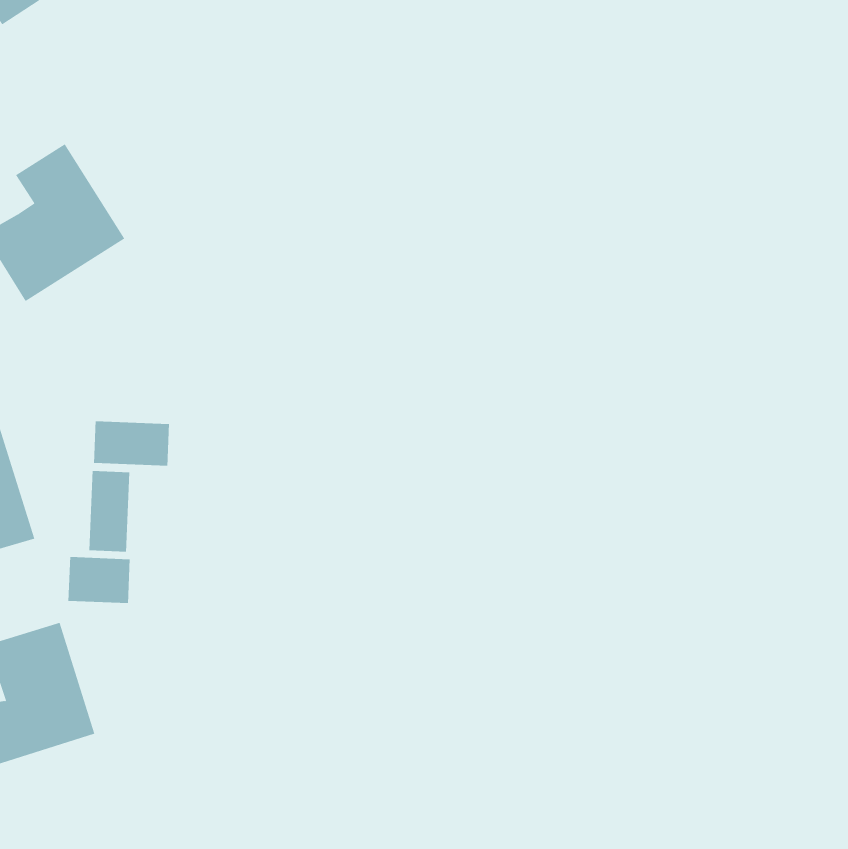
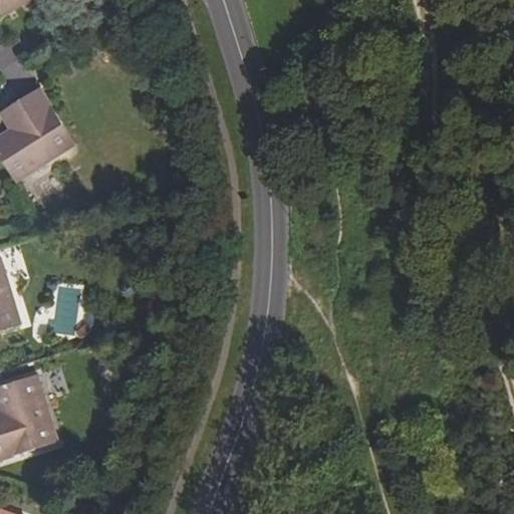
building: [93,420,169,466] -> none
building: [68,556,130,604] -> none

